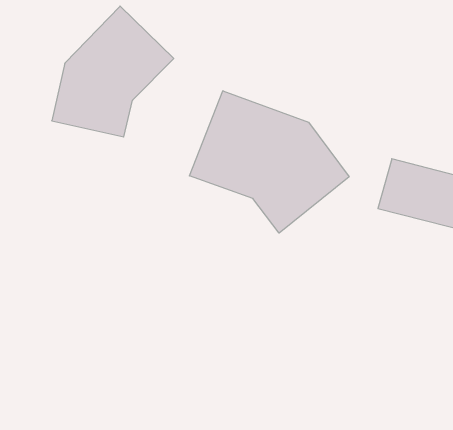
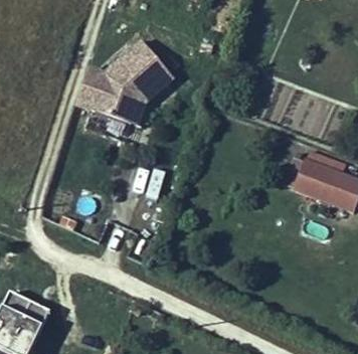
building: [189,91,349,233] -> none

